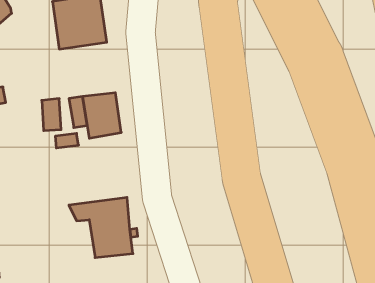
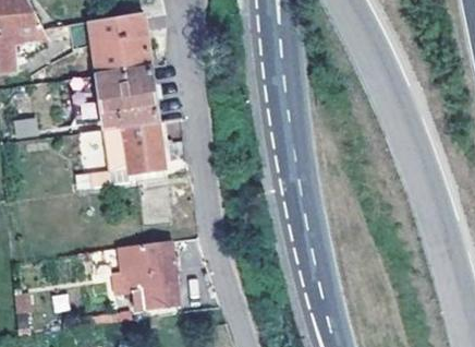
building: none -> [69,67,158,127]

